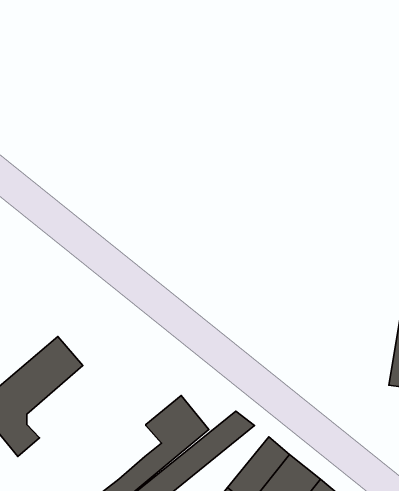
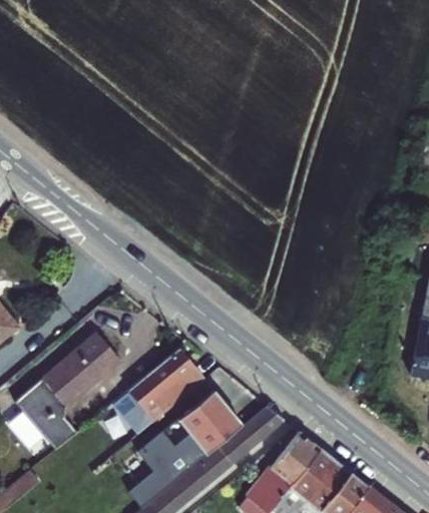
building: none -> [112,350,202,434]
building: none -> [137,419,179,473]

